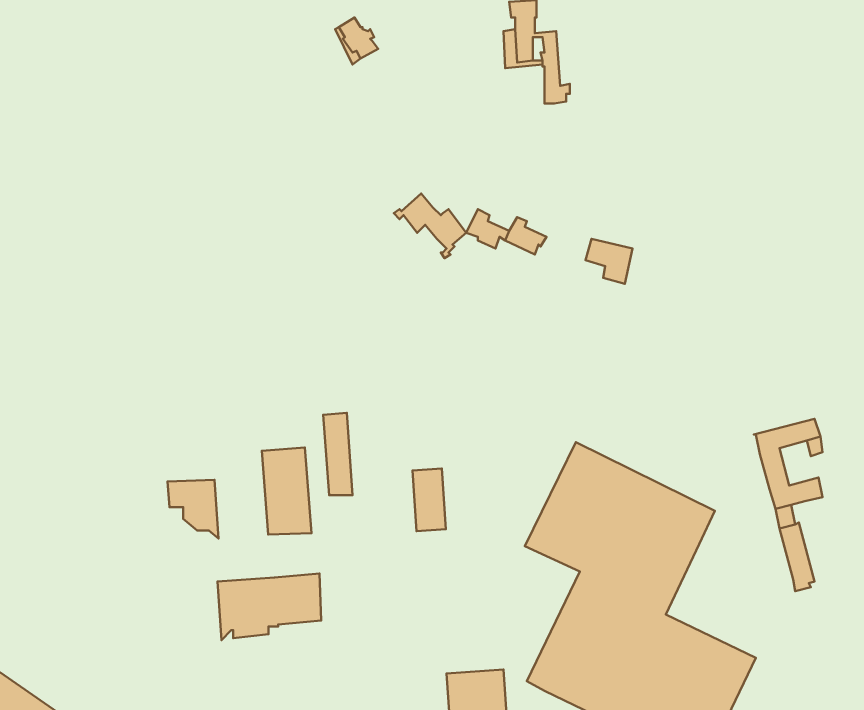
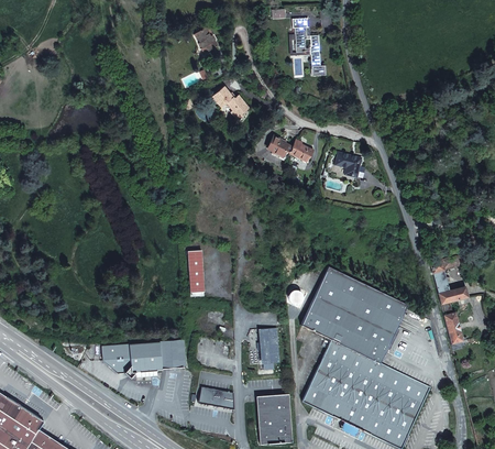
building: [394,194,466,258] -> [208,86,249,122]
building: [262,447,312,535] -> none
building: [412,469,446,531] -> [260,328,278,363]
building: [168,480,219,538] -> [101,344,130,377]
building: none -> [198,386,233,409]

